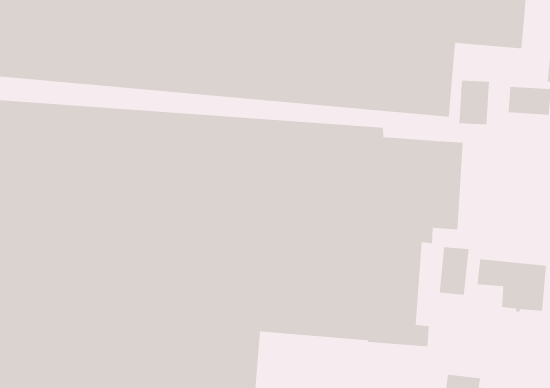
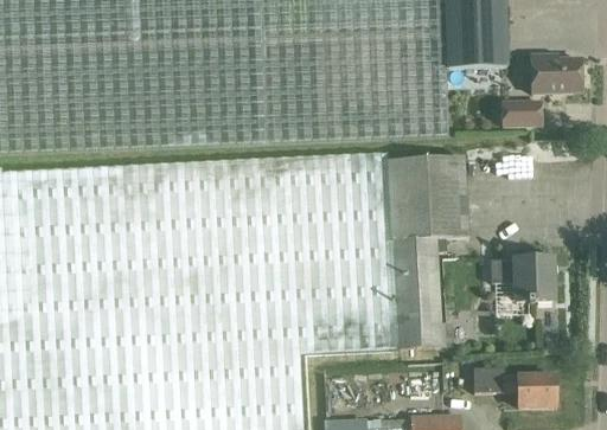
building: [459,80,490,125] -> none
building: [439,246,469,295] -> none

